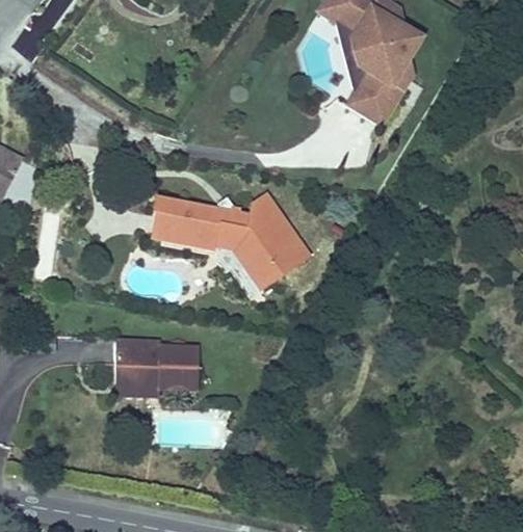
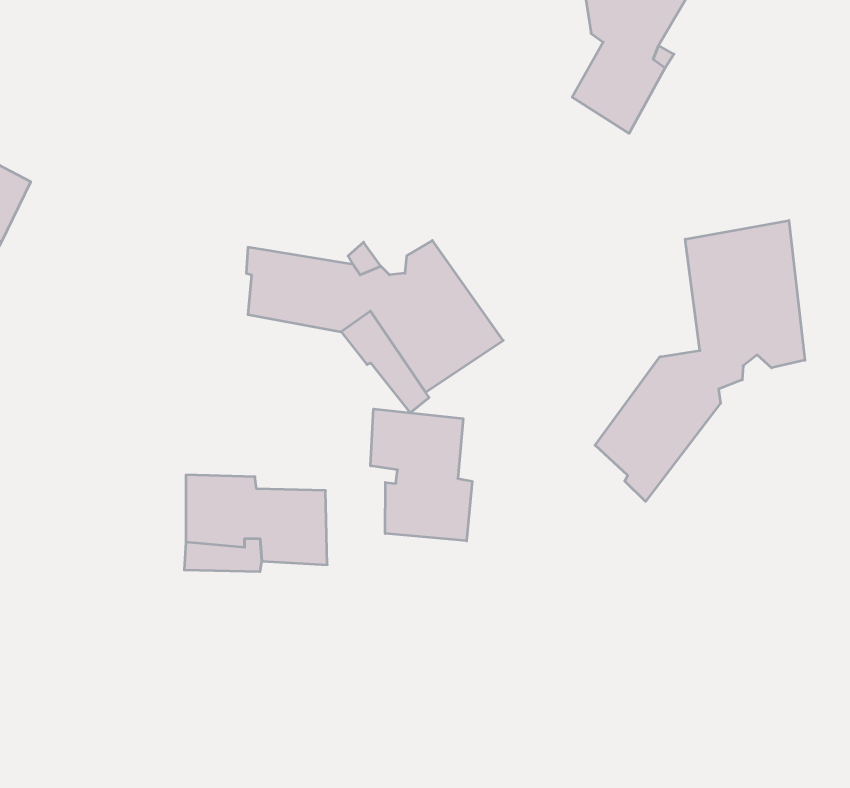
building: none -> [595,220,805,501]
building: none -> [371,409,472,541]

